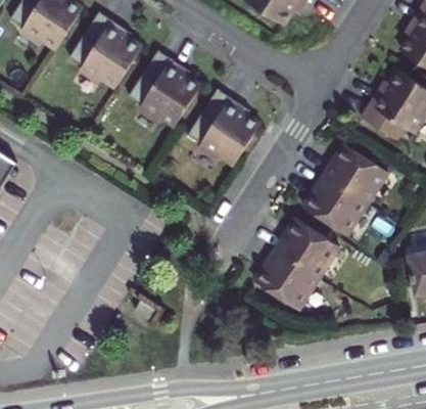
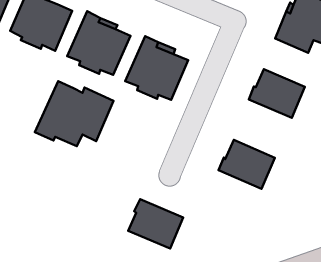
building: none -> [35,81,113,146]
building: [301,179,364,239] -> none
building: [253,252,317,312] -> [128,199,183,248]

